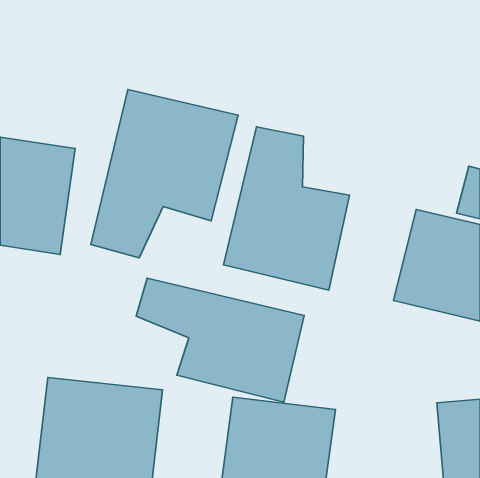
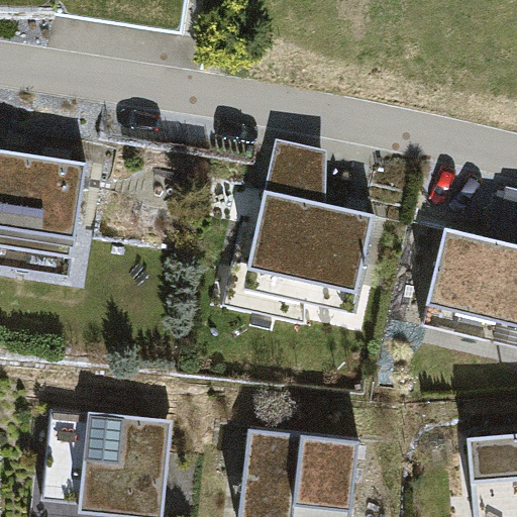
building: [91,89,238,258] -> none
building: [136,278,304,402] -> none

